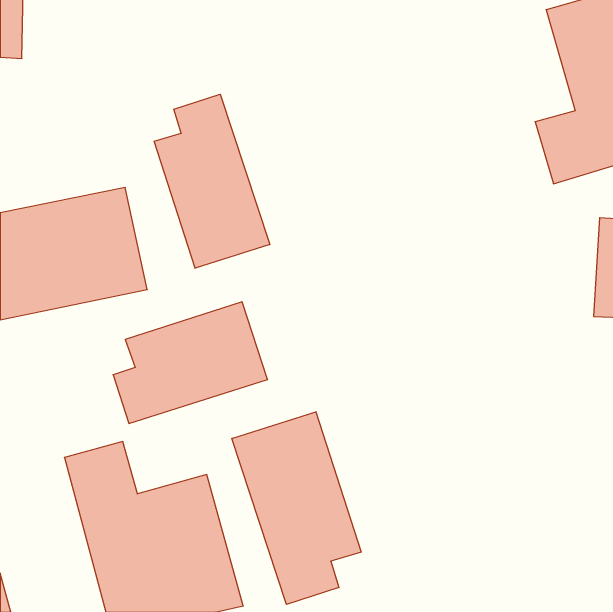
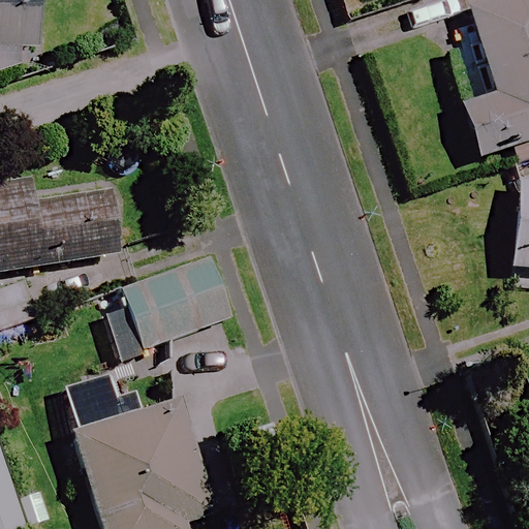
building: [154,94,270,268] -> none
building: [232,412,361,604] -> none

